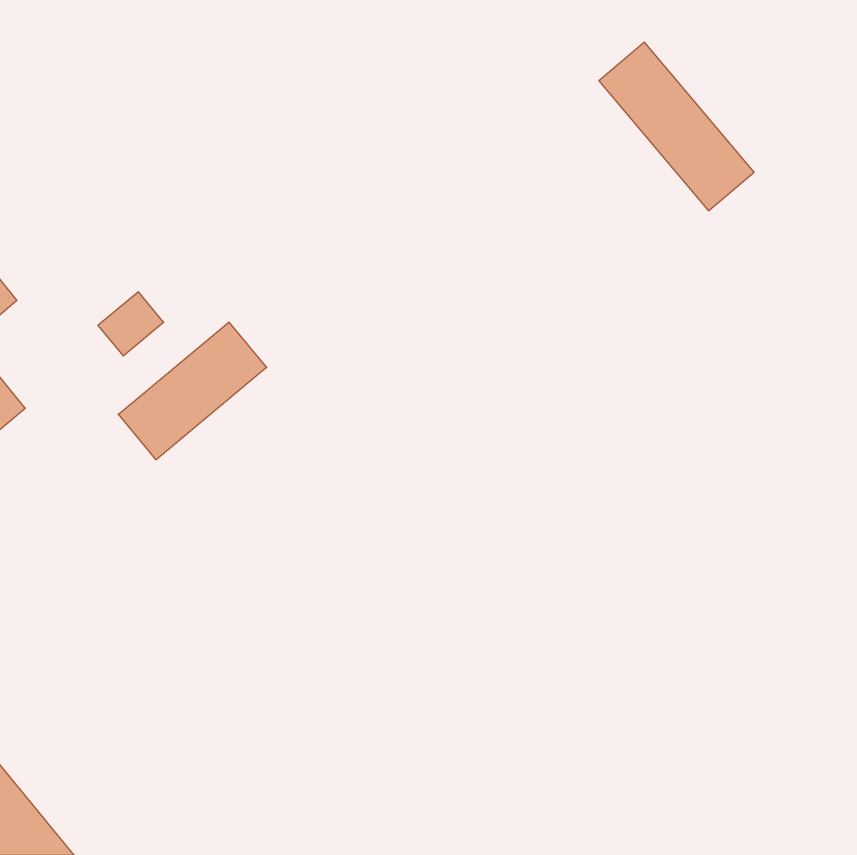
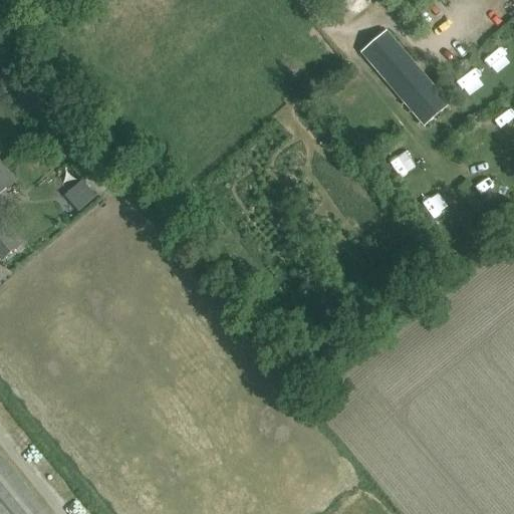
building: [118,322,267,460] -> none

